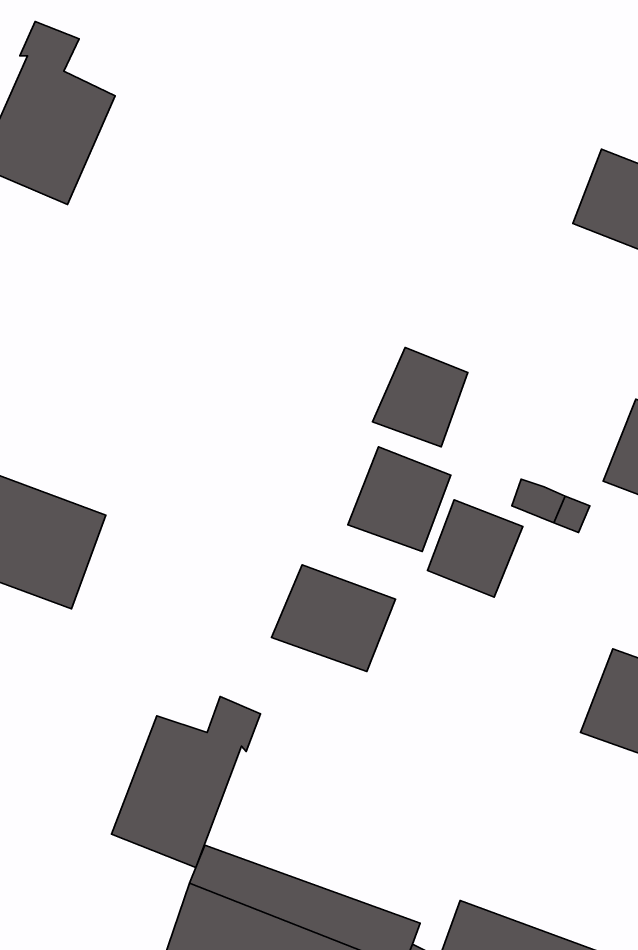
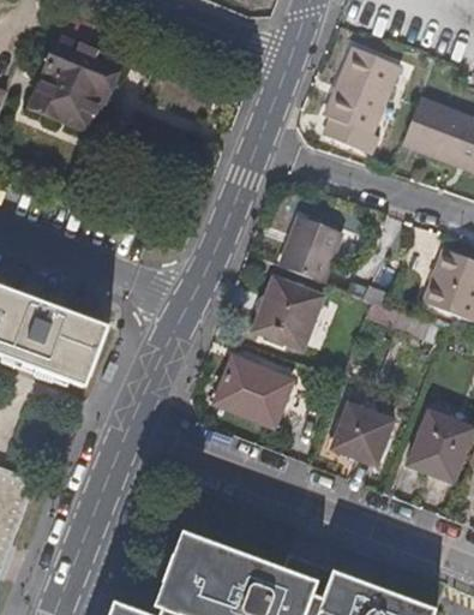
building: none -> [325,42,402,150]
building: [428,500,523,597] -> [330,404,390,465]
building: [111,696,260,868] -> none

